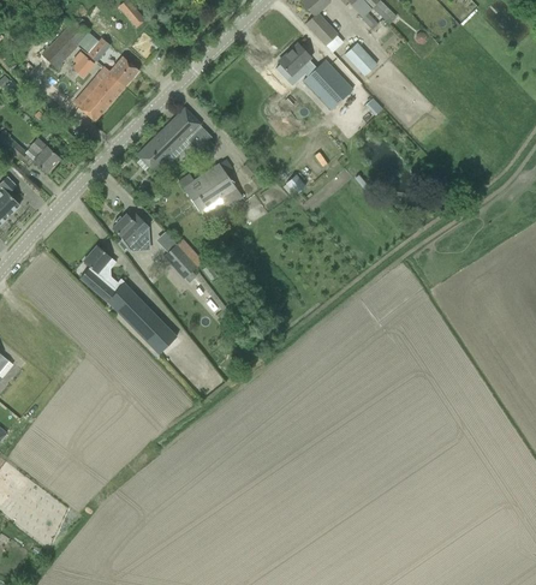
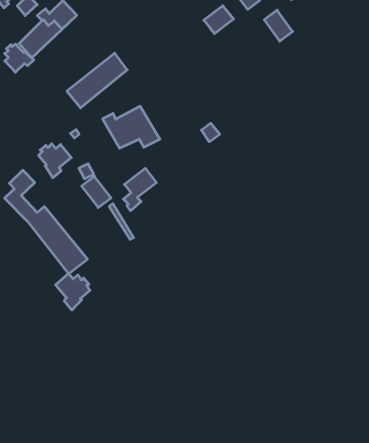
building: [303,59,356,109] -> none
building: none -> [5,44,34,72]
building: none -> [123,168,156,211]
building: none -> [56,274,90,310]

